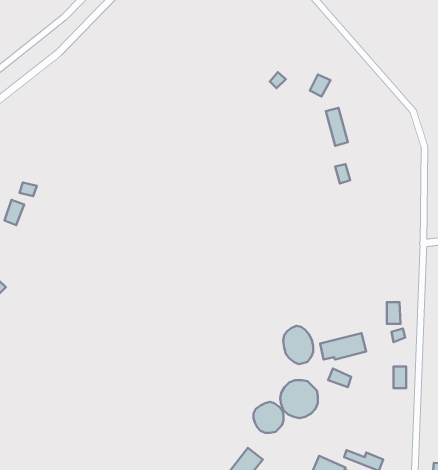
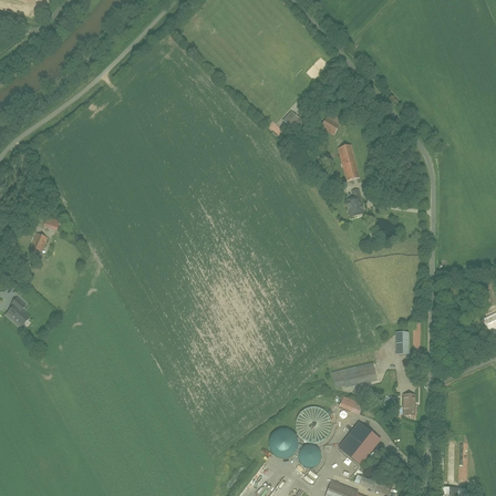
building: [283,326,313,364] -> none
building: none -> [338,421,381,465]
building: none -> [297,444,320,467]

